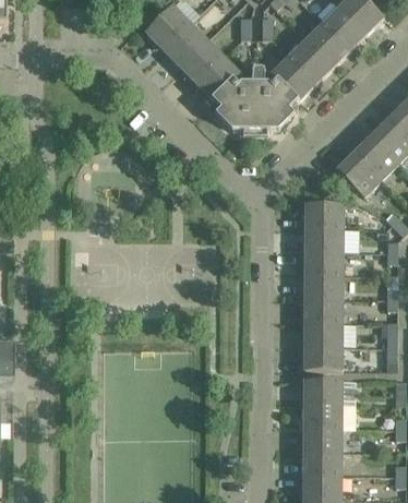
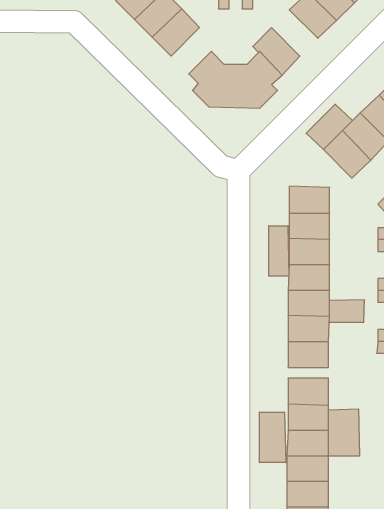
building: [289,39,332,82] -> none
building: [196,56,240,98] -> none
building: none -> [306,104,353,150]
building: none -> [269,226,289,276]
building: none -> [330,300,364,323]
building: none -> [328,409,359,456]
building: none -> [259,412,286,463]

